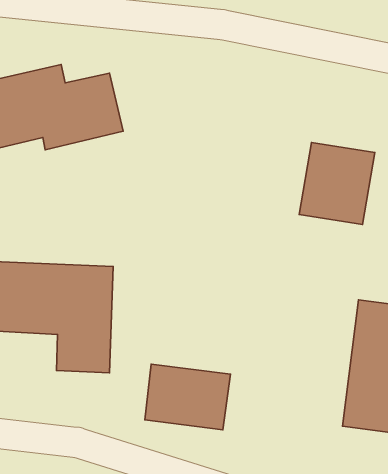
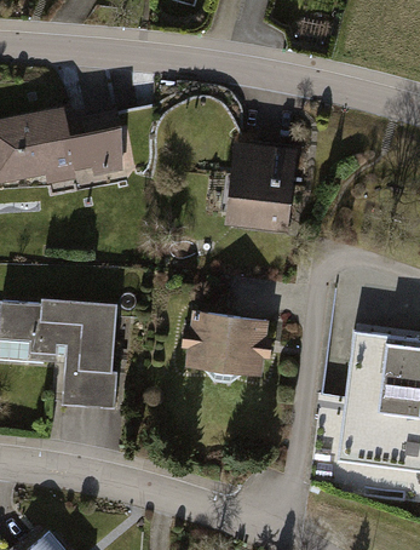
building: [299,143,375,224] -> [226,149,300,229]
building: [145,364,230,430] -> [184,308,267,372]

